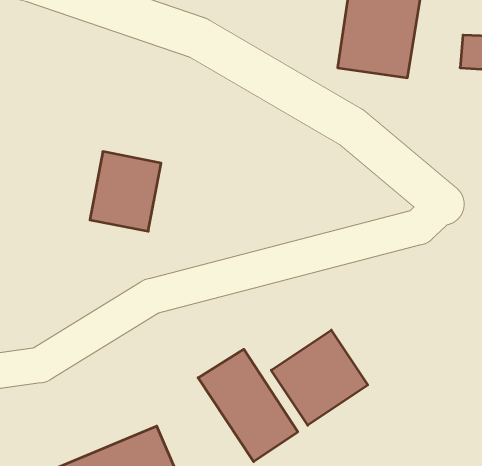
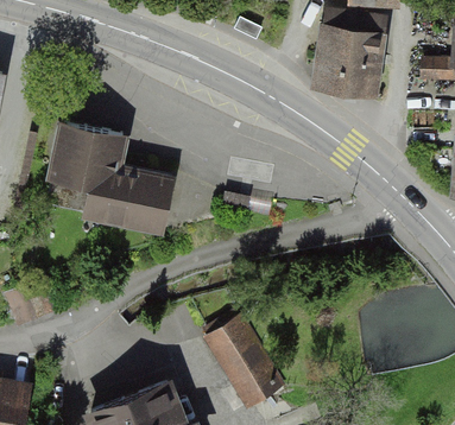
building: none -> [48,112,126,199]
building: [271,330,368,425] -> none

